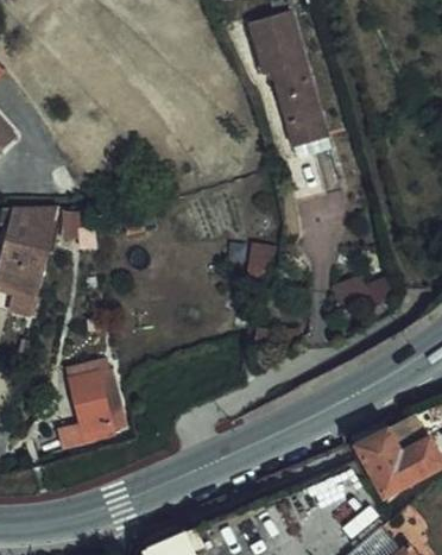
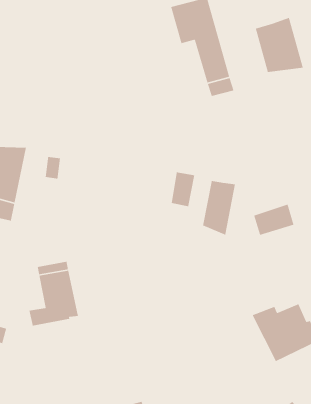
building: none -> [255,17,304,73]
building: none -> [202,180,236,236]

